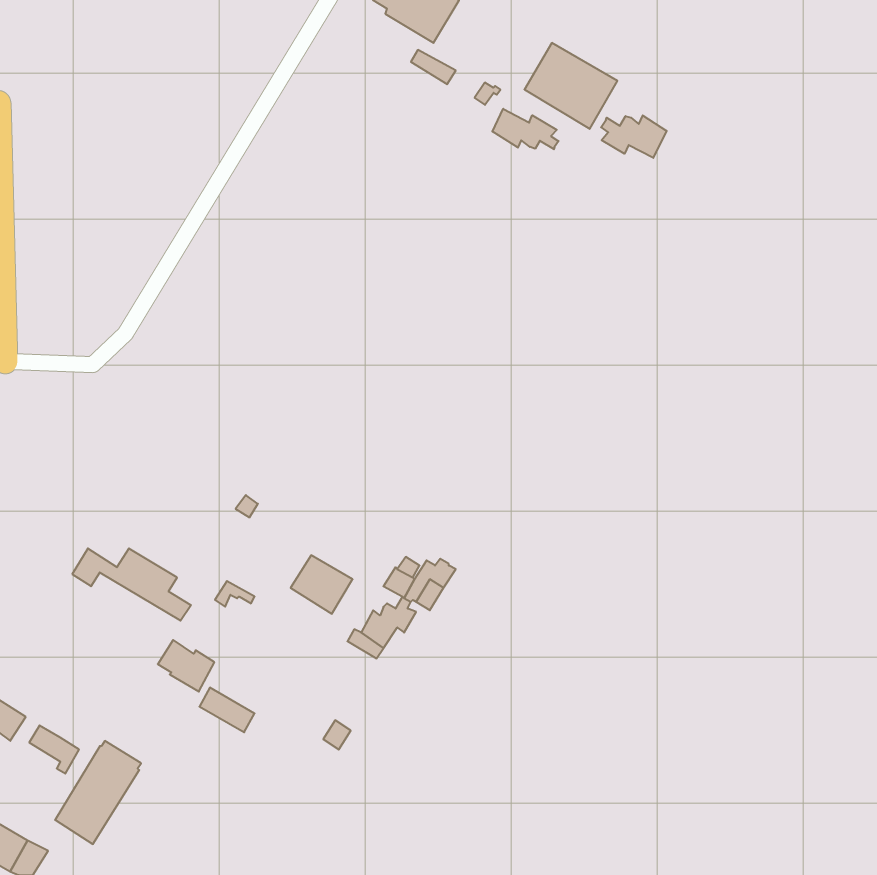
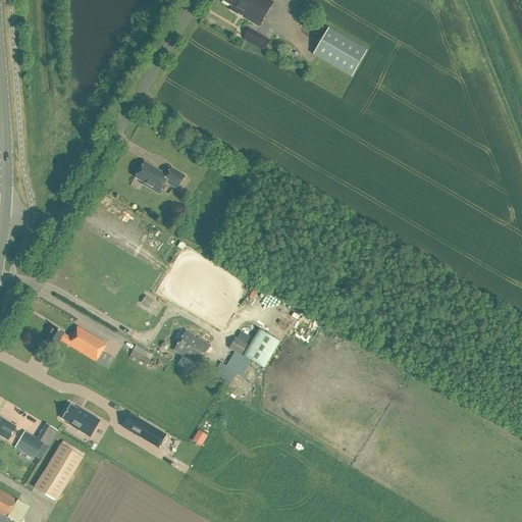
building: [492,109,559,149] -> none
building: [601,115,667,158] -> none
building: none -> [134,160,184,193]
building: [158,640,214,692] -> [60,403,94,433]

